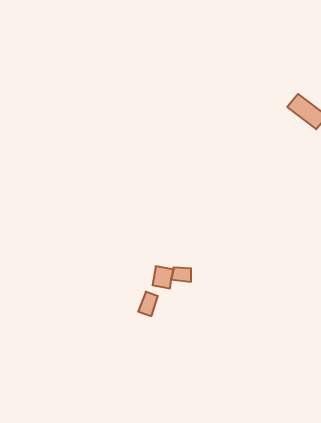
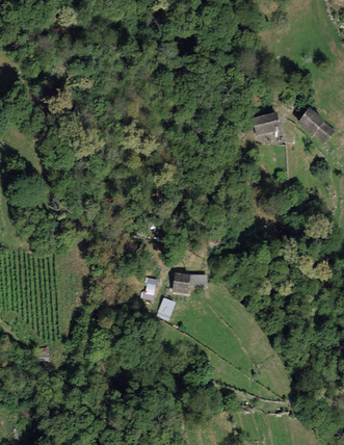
building: none -> [253,113,281,136]

